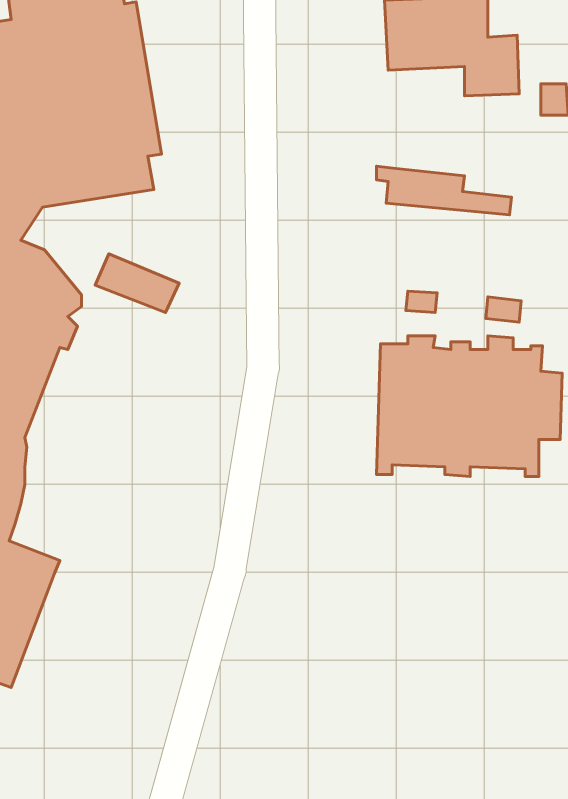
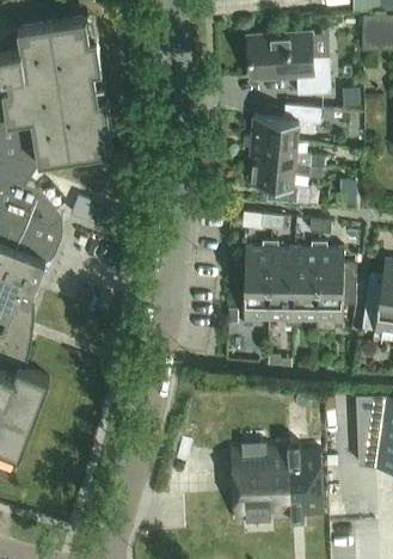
building: none -> [251,105,321,145]
building: none -> [246,161,324,202]
building: none -> [231,448,324,521]

